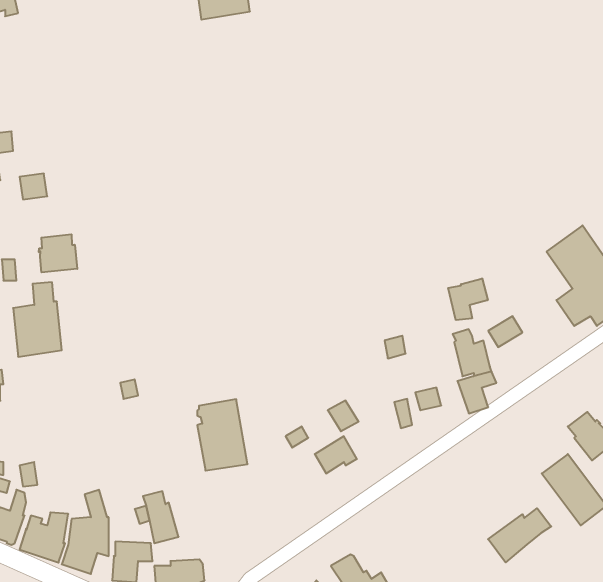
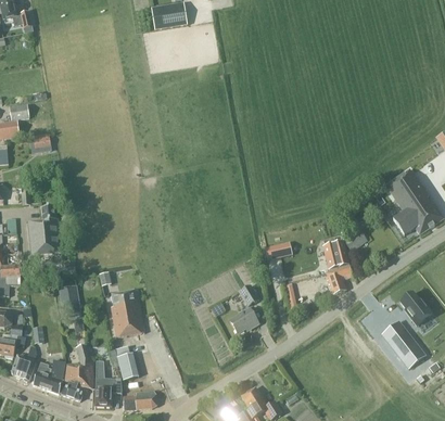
building: [39,234,77,272] -> none
building: [448,278,488,320] -> none
building: [197,399,248,471] -> [111,289,144,336]
building: none -> [58,285,80,315]
building: [488,508,551,562] -> none

